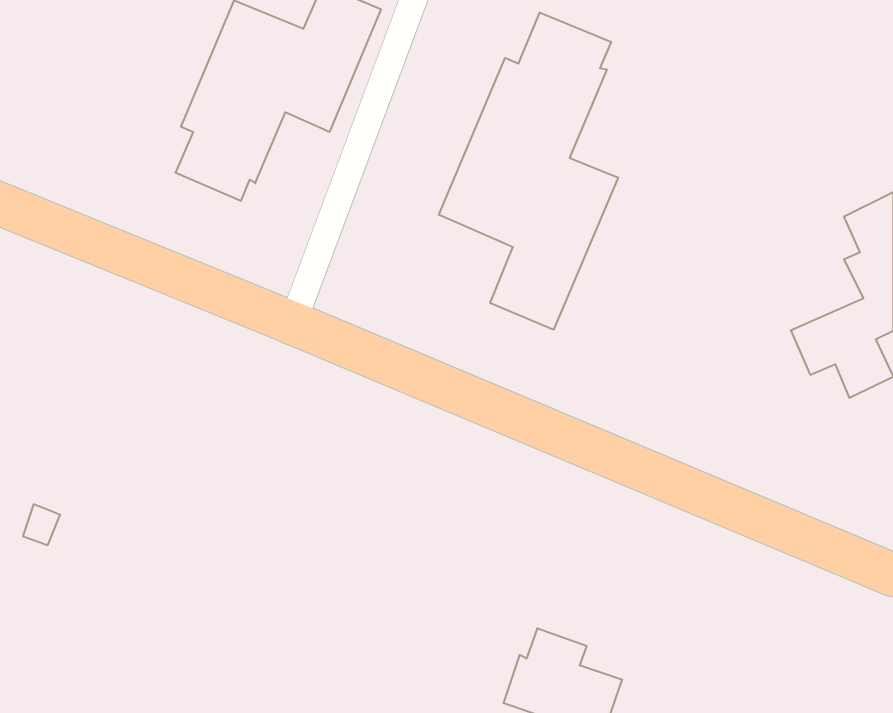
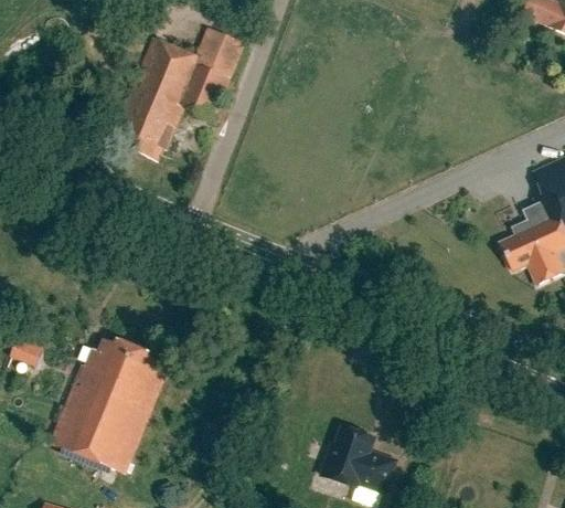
building: [439,12,618,330] -> none
building: none -> [50,337,170,473]

